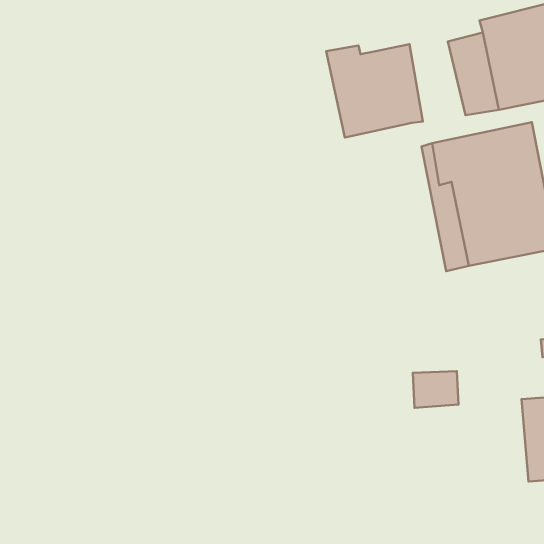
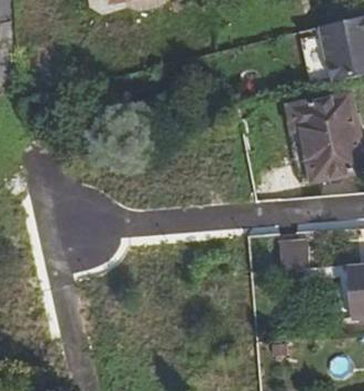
building: [326,44,423,137] -> none

